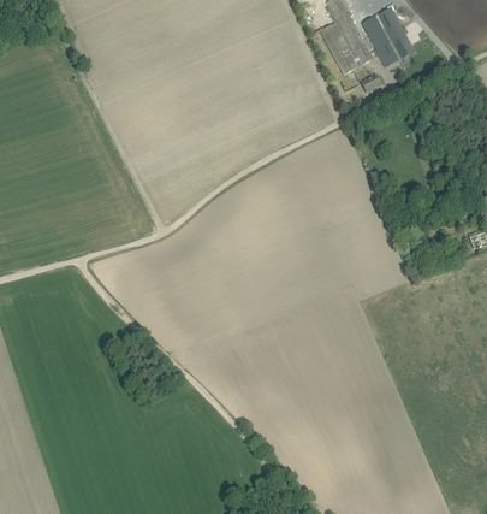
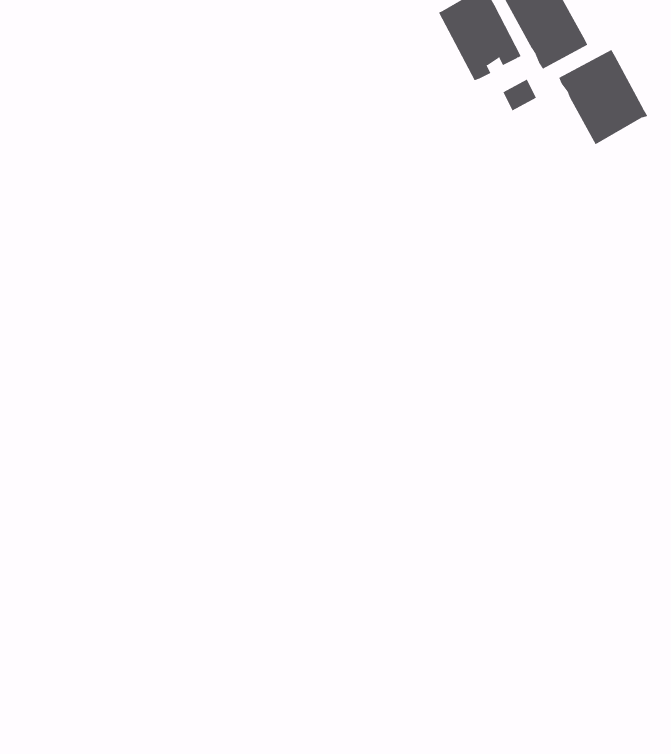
building: none -> [559,49,648,145]

